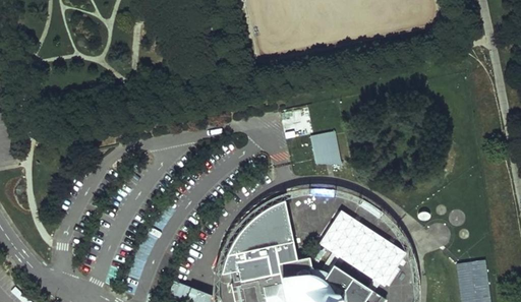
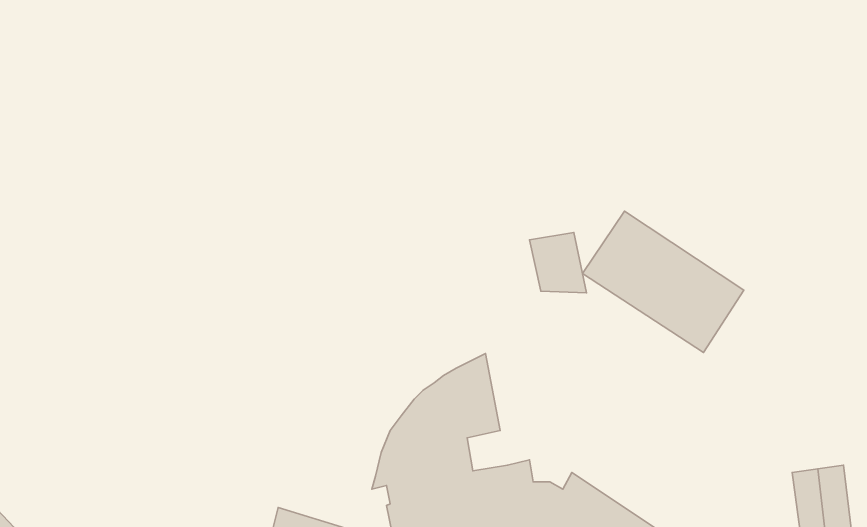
building: [317,208,407,287] -> [582,211,744,352]
building: [275,241,297,263] -> none

